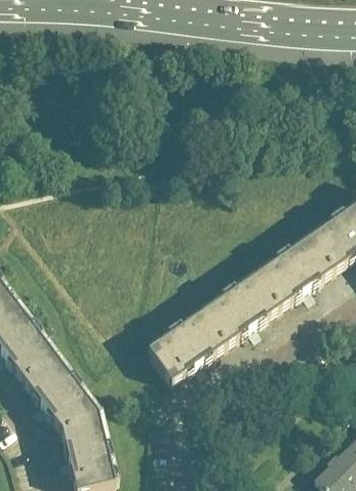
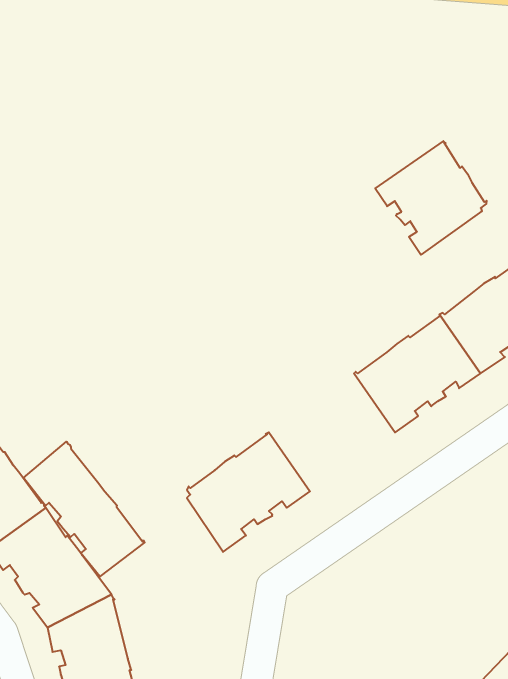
building: none -> [375,141,487,255]
building: [199,274,278,347] -> none
building: none -> [23,442,145,577]

